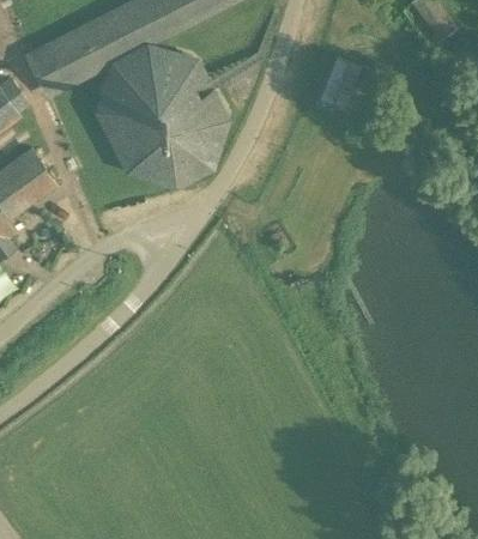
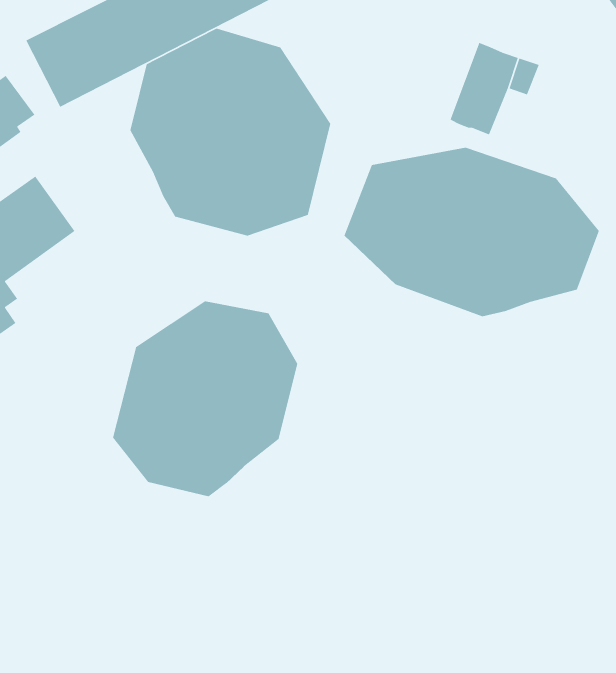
building: none -> [344,147,600,317]
building: none -> [112,301,298,497]

